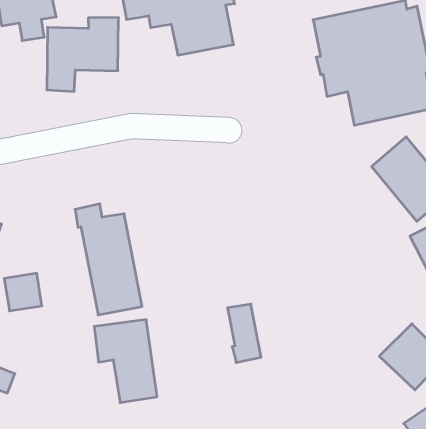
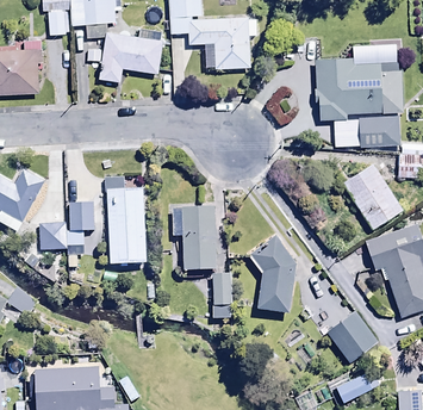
building: none -> [70,204,95,232]
building: none -> [247,235,296,315]
building: [94,320,157,403] -> [172,207,214,271]

